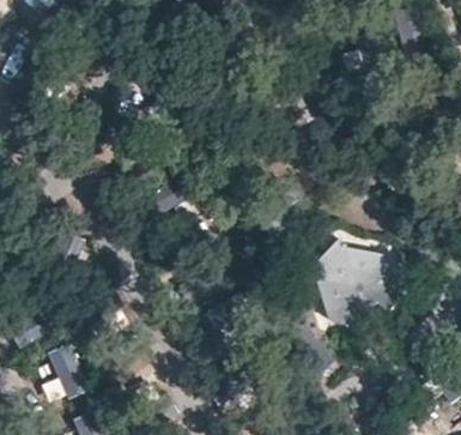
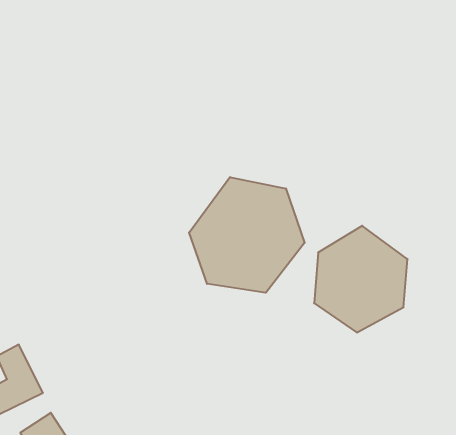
building: none -> [189,177,305,293]

